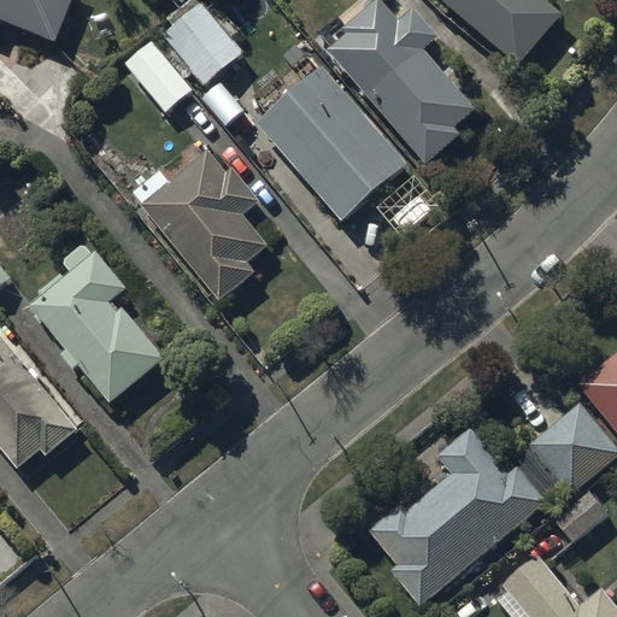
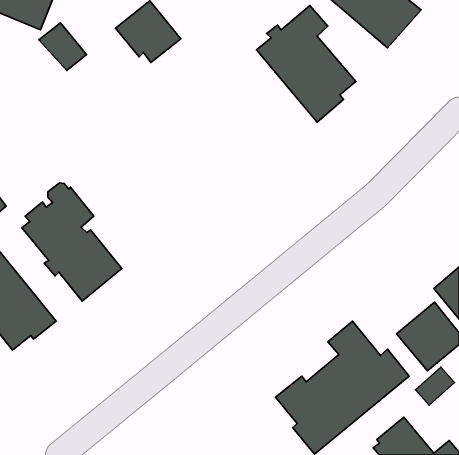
building: [128,45,192,108] -> [39,23,87,71]
building: [258,64,407,219] -> none
building: [133,149,268,299] -> none

